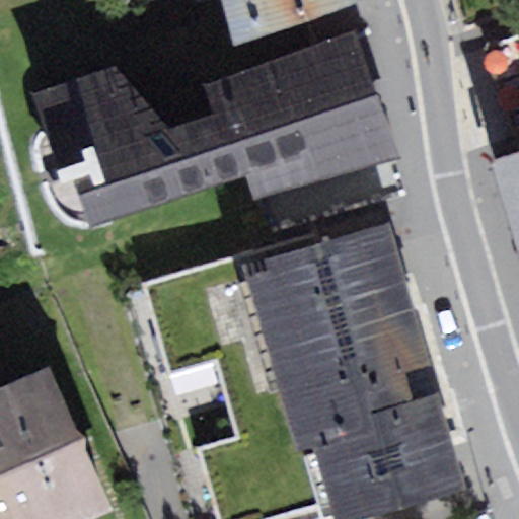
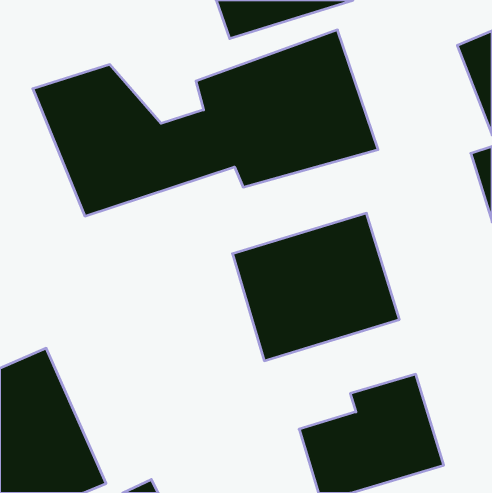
building: [278,336,437,455] -> none

